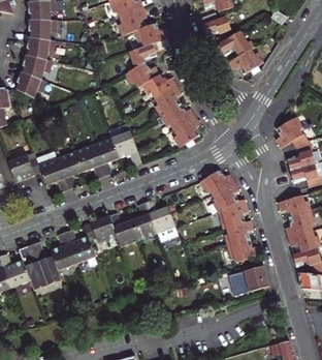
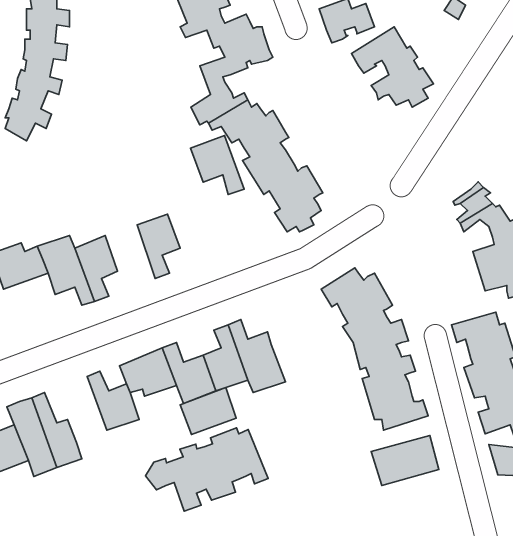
building: [110,130,141,164] -> [191,136,244,195]
building: [74,144,103,178] -> none
building: [50,232,75,270] -> none
building: none -> [180,388,236,435]
building: none -> [146,428,268,511]

